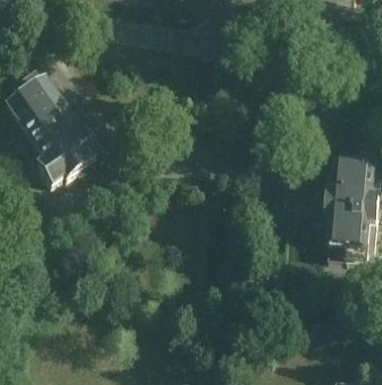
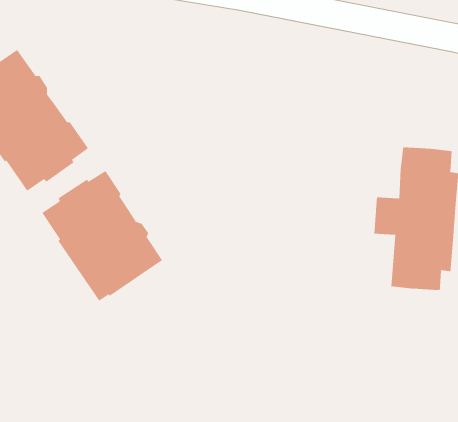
building: none -> [42,170,163,301]

